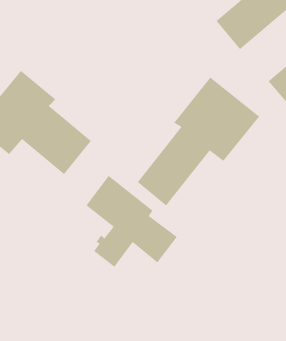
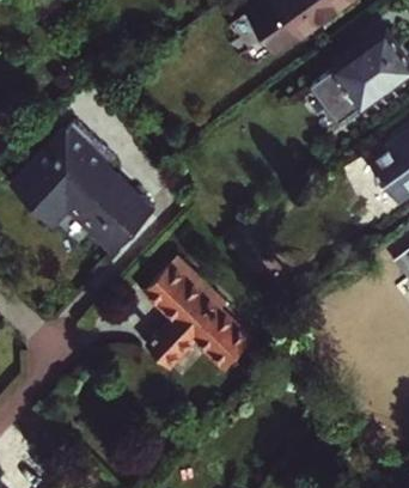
building: [137,77,260,206] -> none

